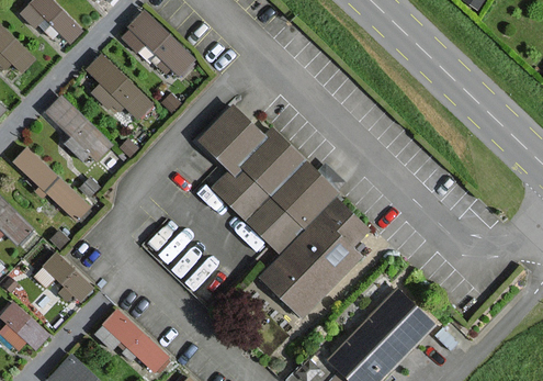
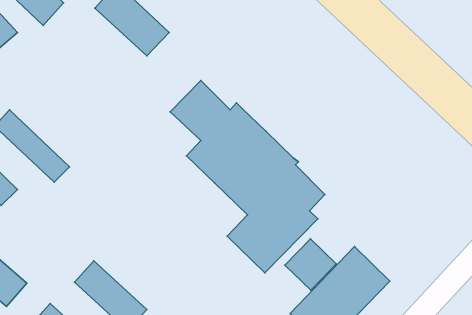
building: [78,53,154,125] -> none
building: [41,93,113,165] -> none
building: [35,247,93,305] -> none
building: none -> [285,239,336,290]

